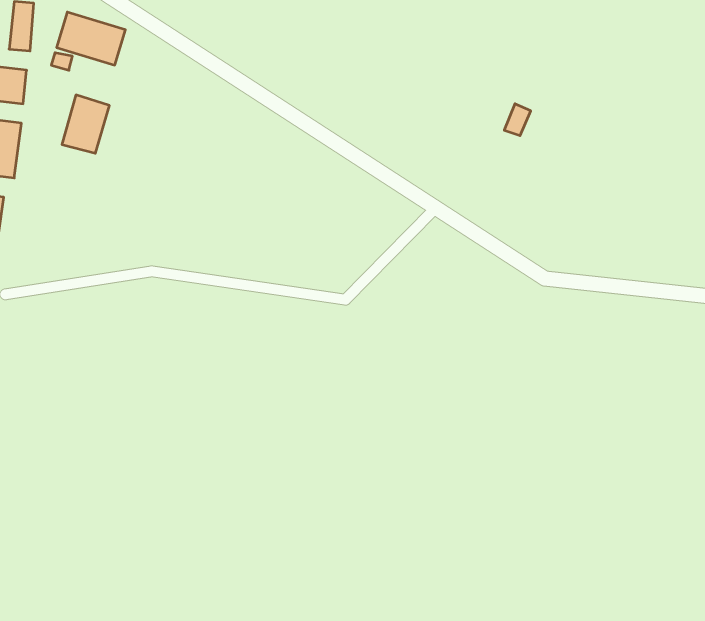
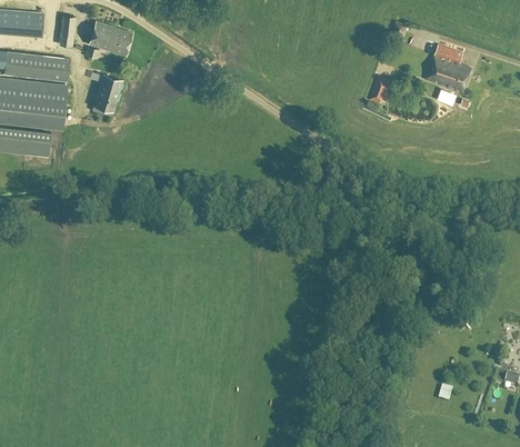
building: none -> [426,44,471,91]

